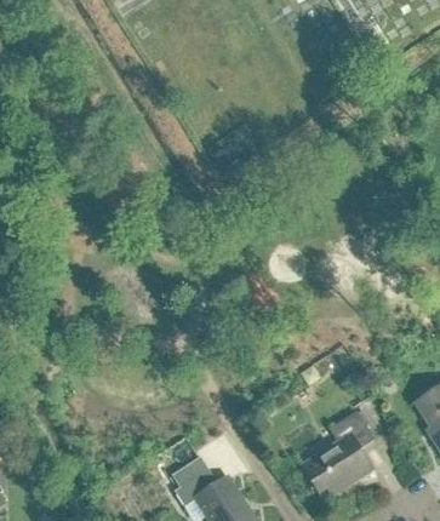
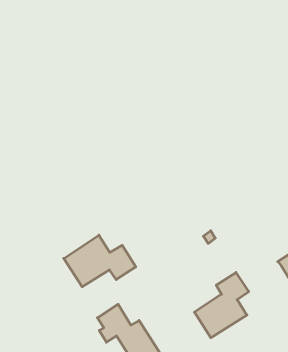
building: none -> [64,235,136,287]

